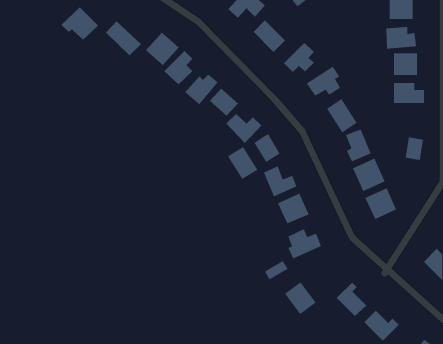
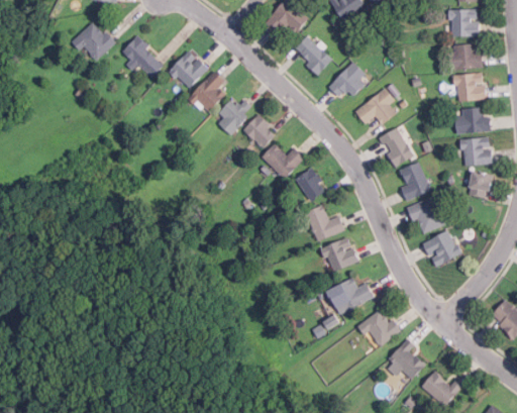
building: none -> [461,137,491,165]
building: [227,146,258,180] -> none
building: [284,282,317,315] -> [361,307,399,345]

